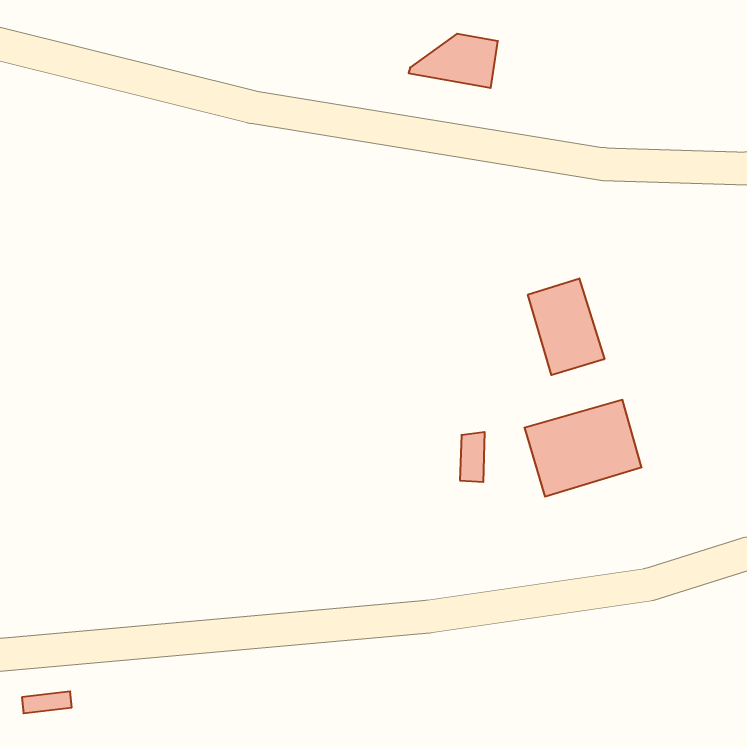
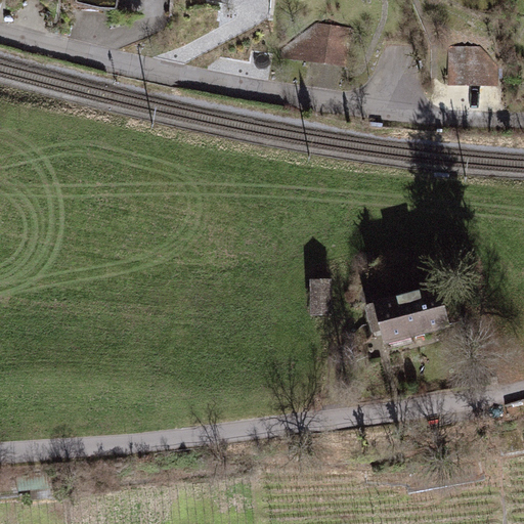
building: none -> [450,50,485,83]
building: [528,278,604,375] -> none

